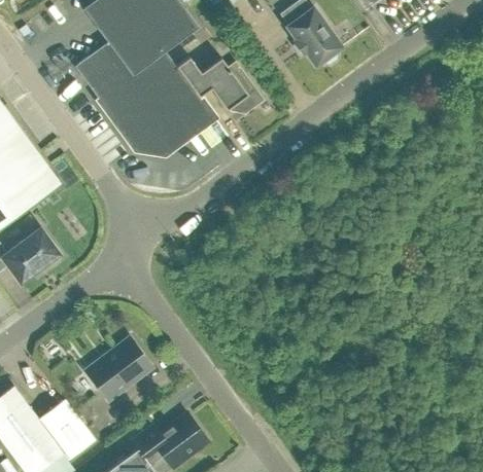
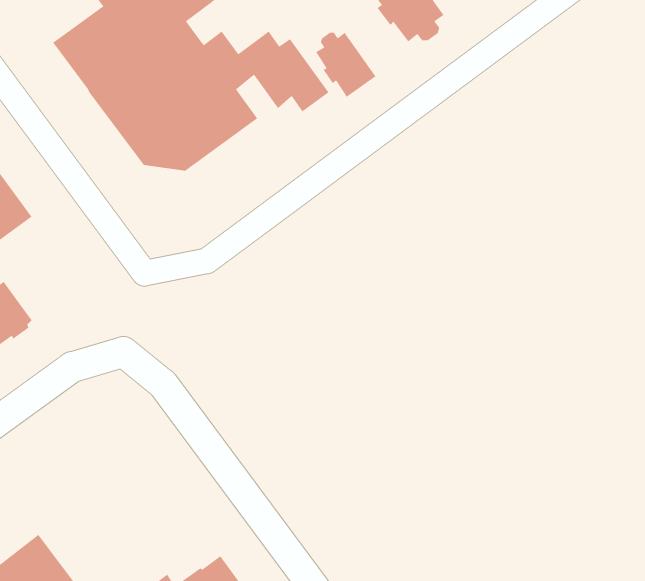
building: none -> [315,32,376,98]
building: [87,338,152,400] -> none

